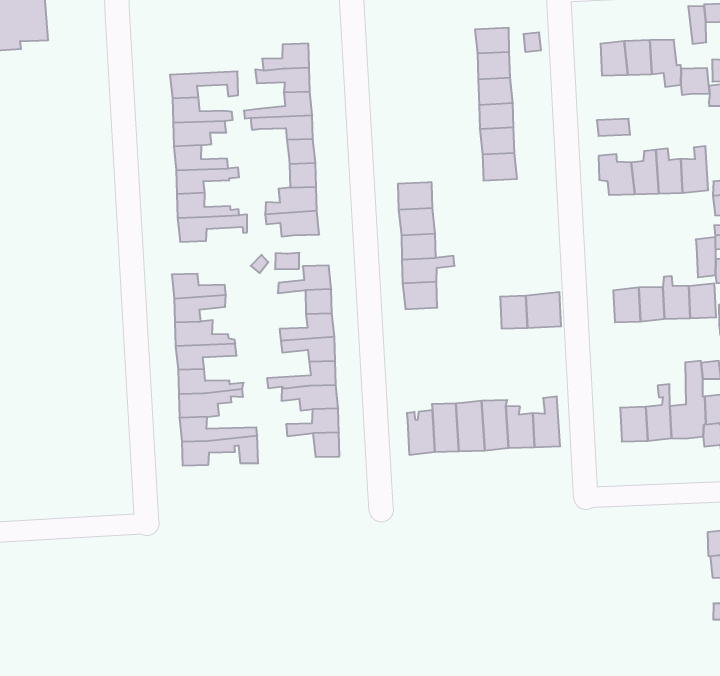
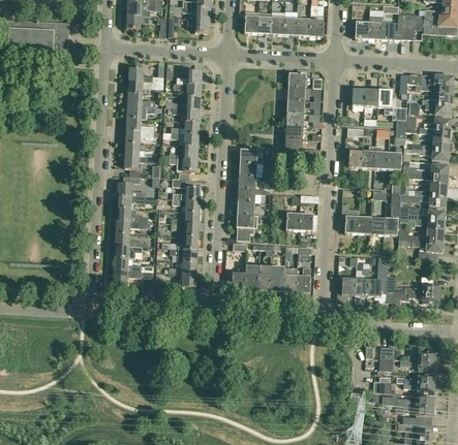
building: none -> [128,61,164,82]
building: none -> [236,214,255,241]

